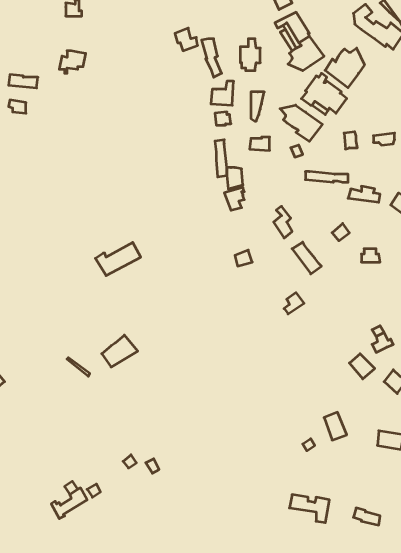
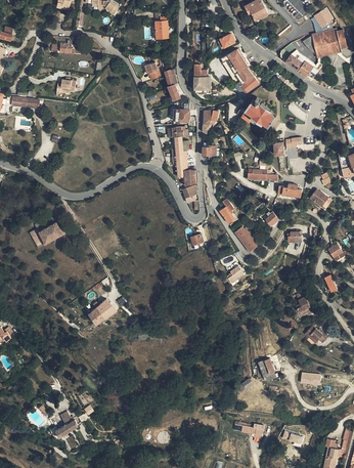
building: [325,48,364,88] -> none
building: [280,105,322,141] -> none
building: [95,242,141,276] -> [30,220,64,246]

